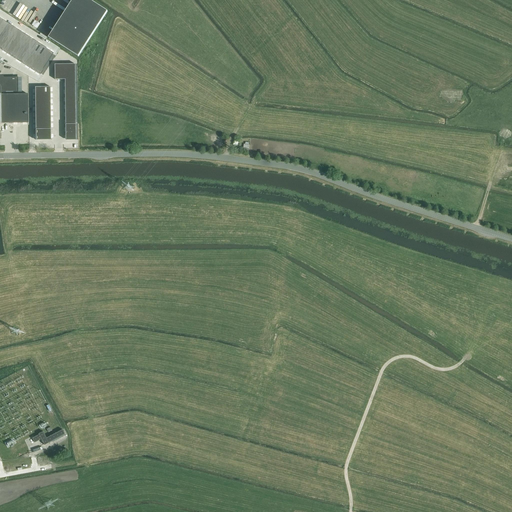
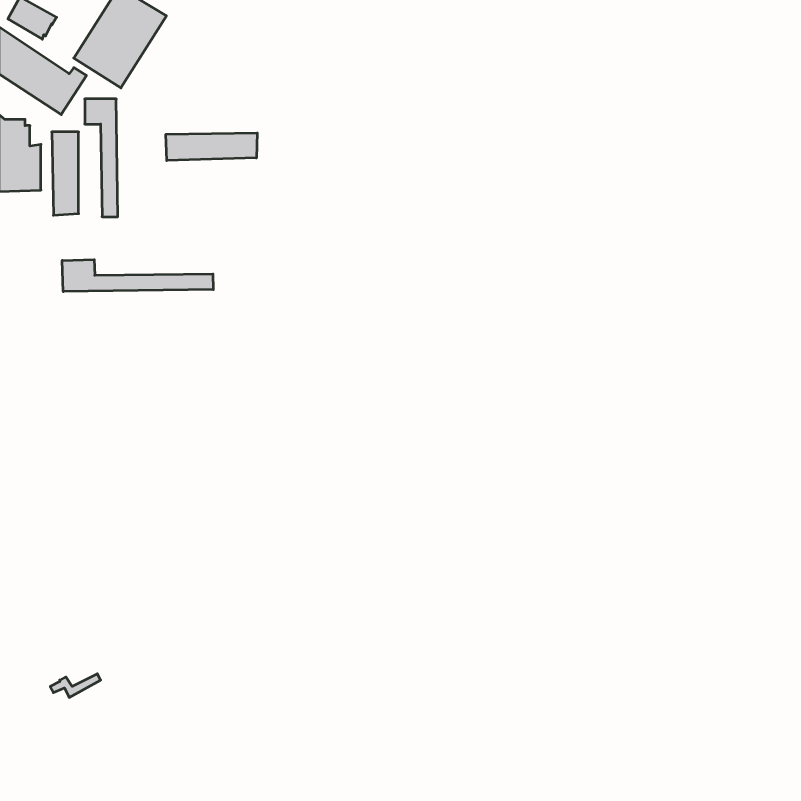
building: none -> [166,133,257,161]
building: none -> [62,260,213,292]

